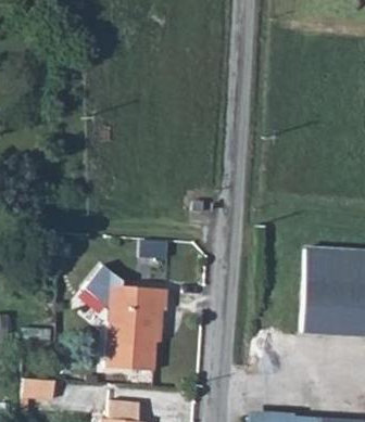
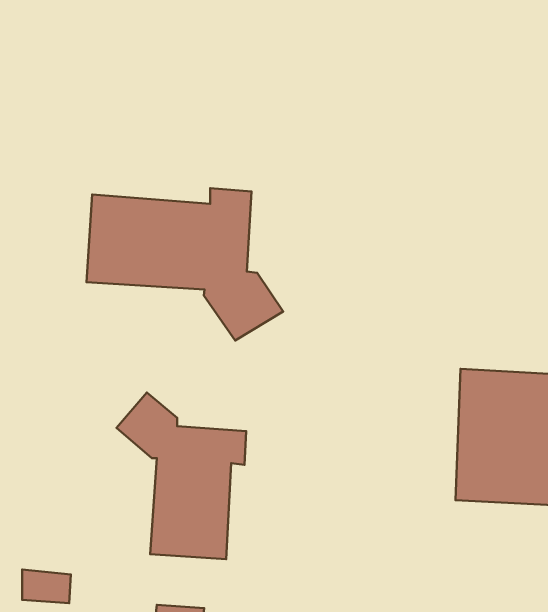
building: none -> [86,188,283,341]

